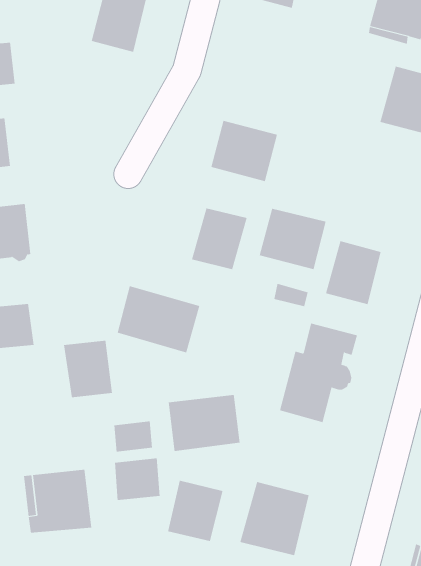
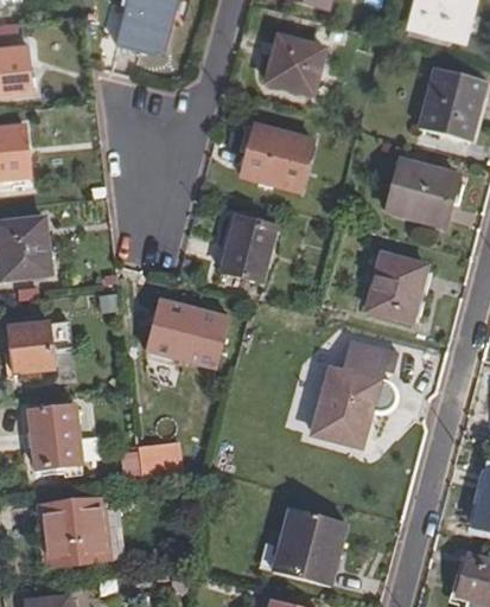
building: none -> [263,39,320,95]
building: [259,208,327,270] -> [383,162,454,228]
building: [63,340,113,398] -> [30,402,82,462]
building: [168,394,240,452] -> none
building: [114,458,160,501] -> none
building: [167,480,223,542] -> none

